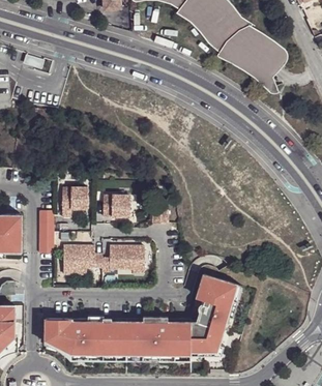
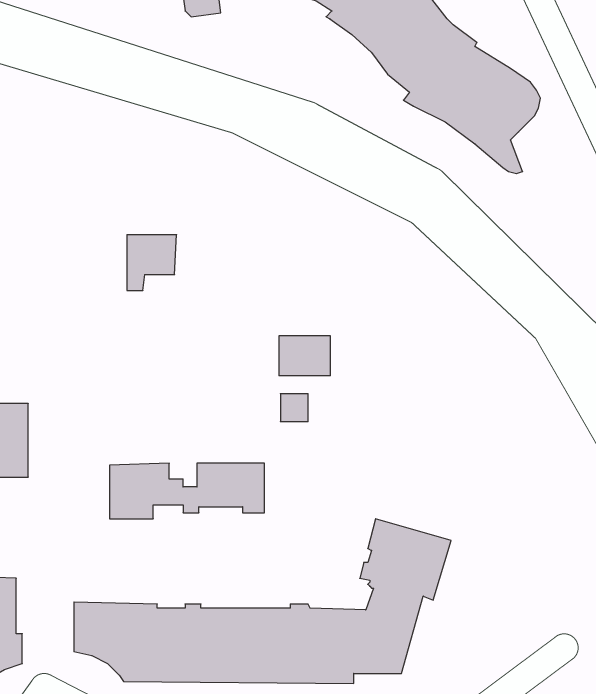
building: [62,187,88,216] -> [127,235,177,290]
building: [103,196,129,216] -> [279,336,330,376]
building: [38,210,53,253] -> none

